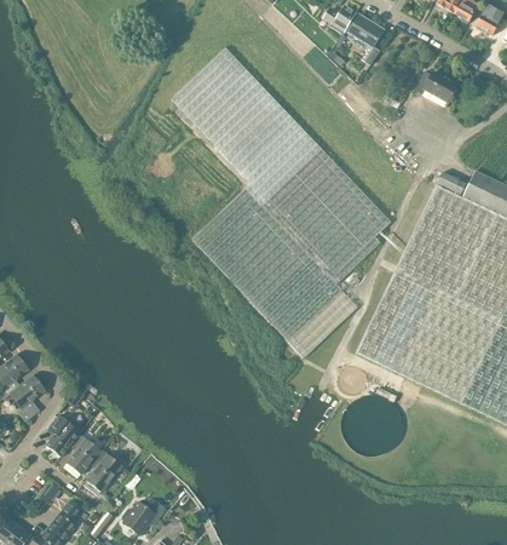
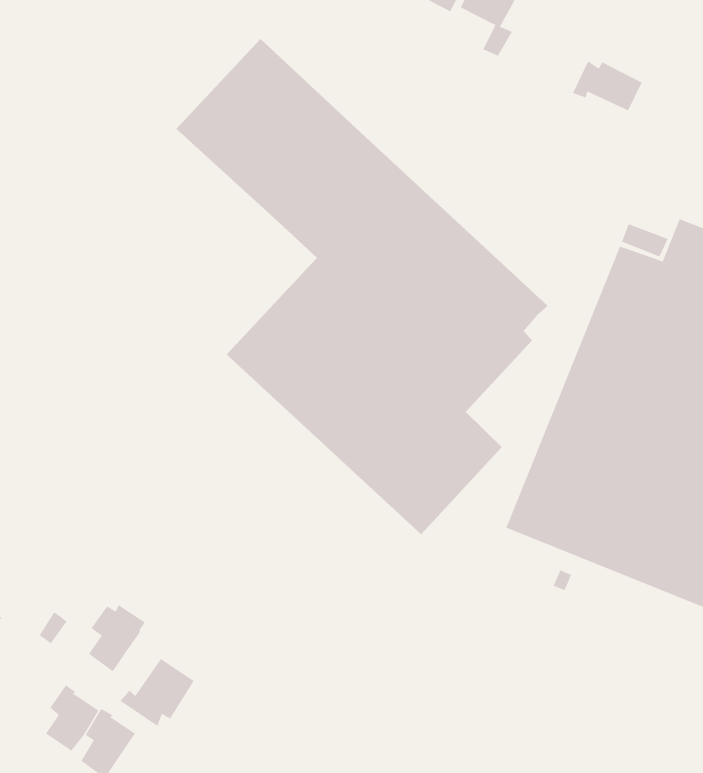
building: [46,417,82,458] -> [88,605,145,672]
building: none -> [119,658,194,727]

